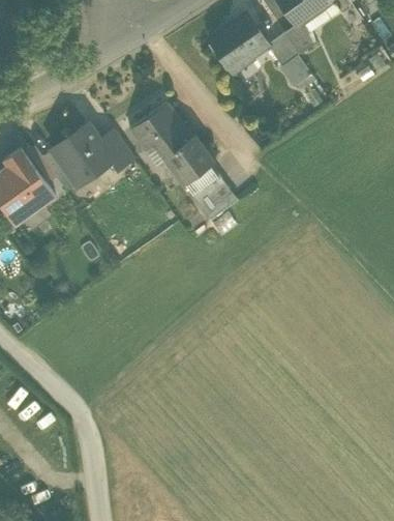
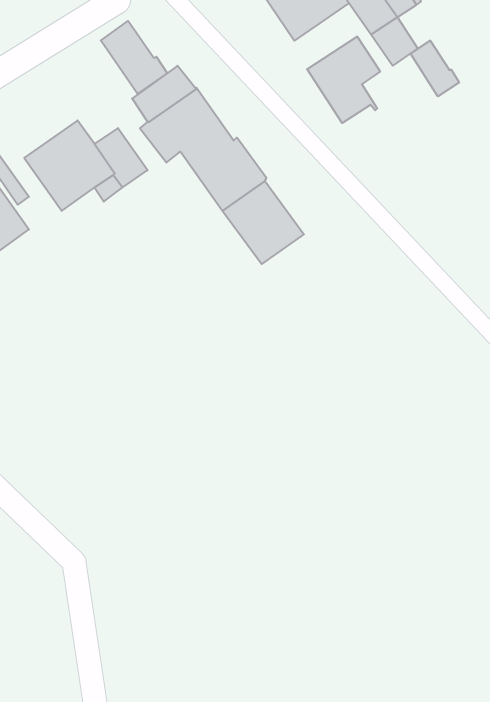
building: none -> [101,21,167,94]
building: none -> [307,36,380,123]
building: none -> [411,40,459,96]

